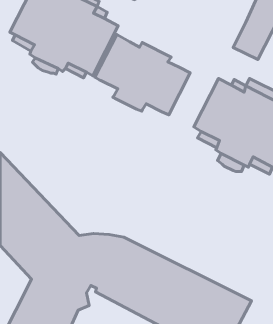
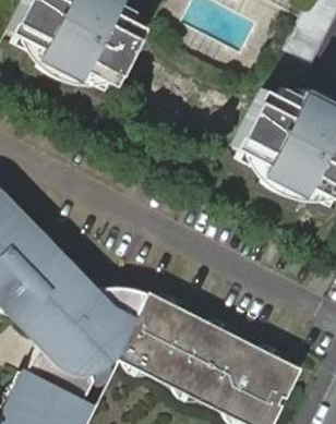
building: [95,35,190,115] -> none

